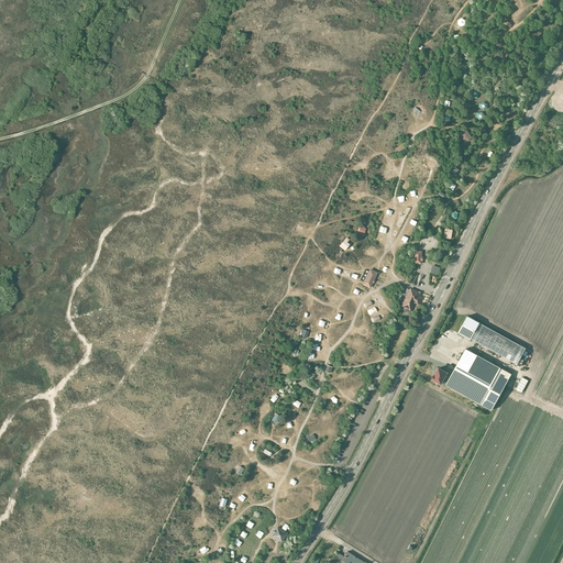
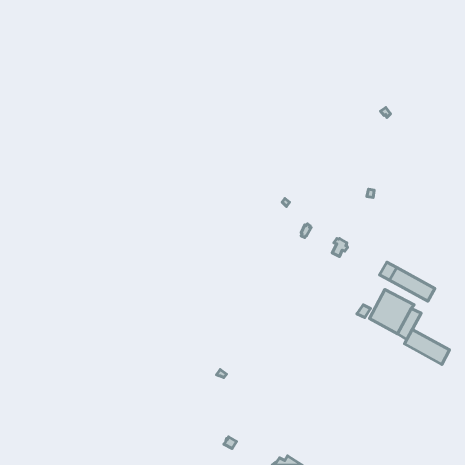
building: none -> [405,329,449,364]

